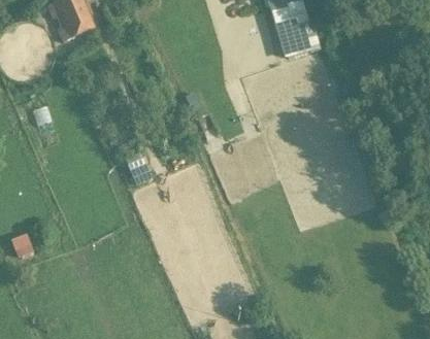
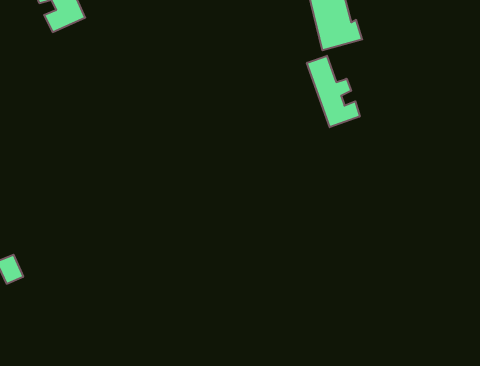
building: none -> [307,56,360,127]

